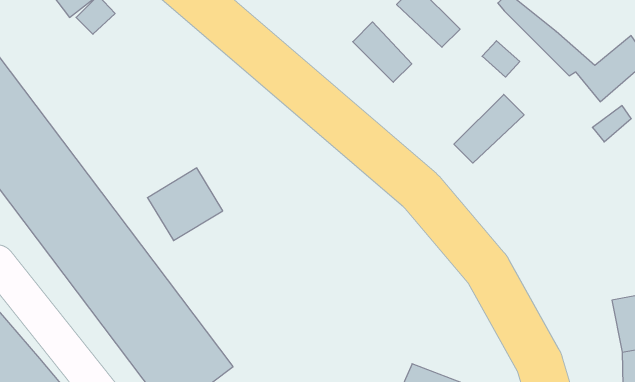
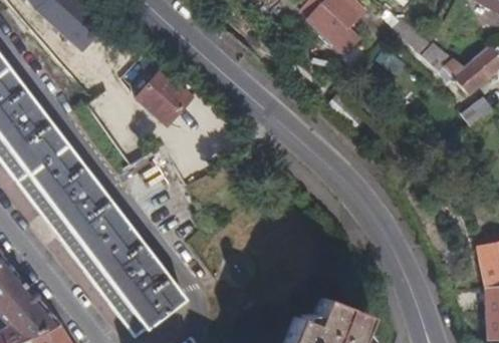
building: [353,22,412,82] -> none
building: none -> [138,71,192,124]
building: [454,94,524,163] -> none

